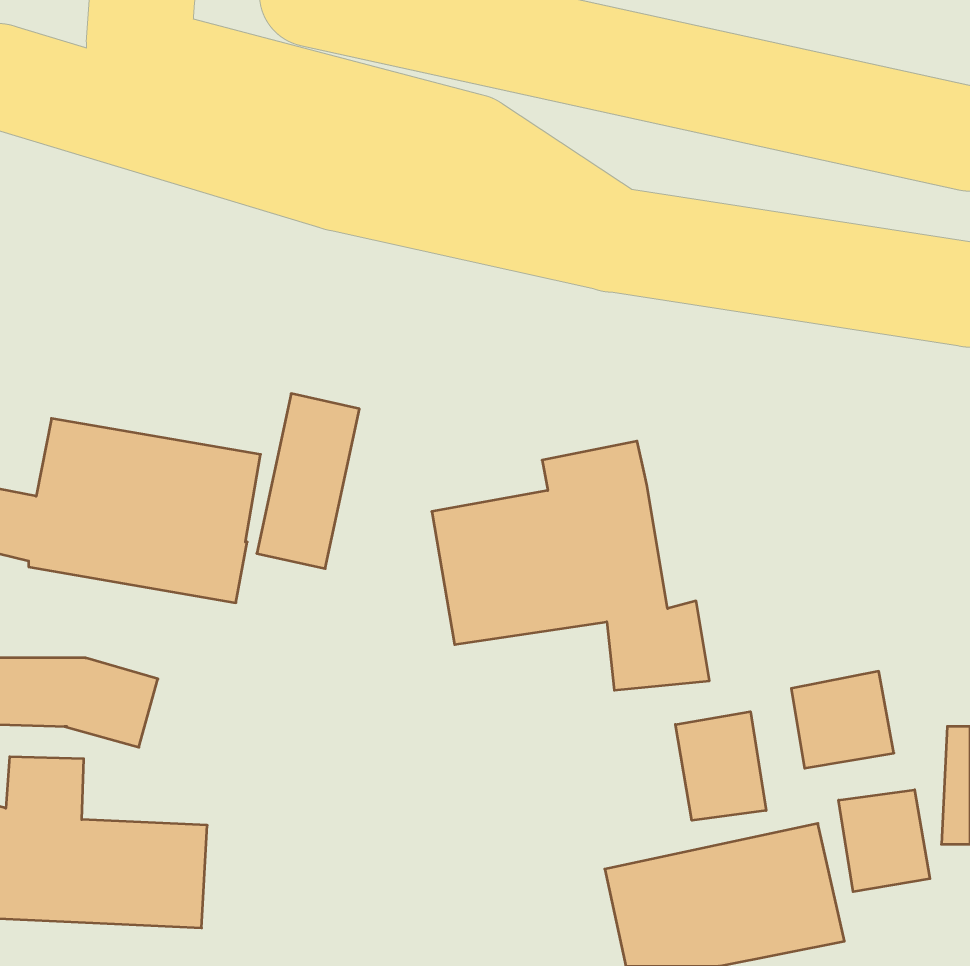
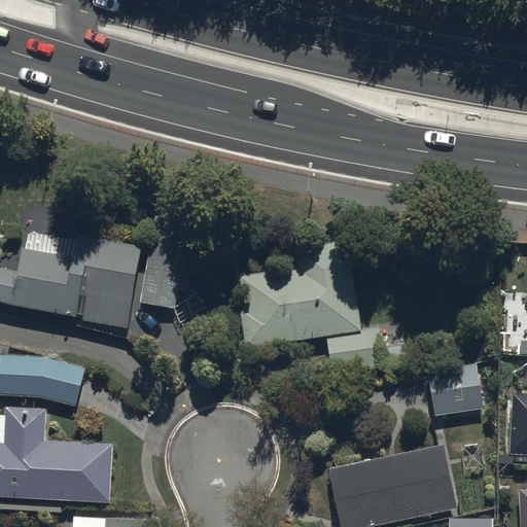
building: [675,712,766,820] -> none
building: [839,790,930,892] -> none

